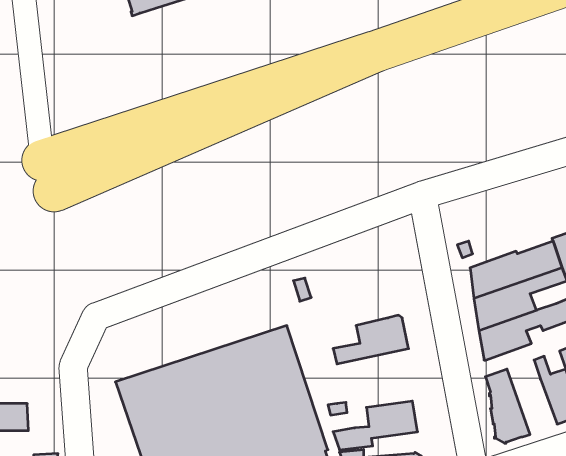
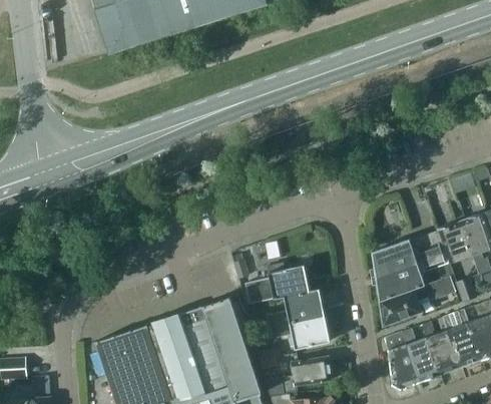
building: none -> [244,264,309,304]
building: none -> [269,315,330,349]
building: none -> [402,328,441,382]

